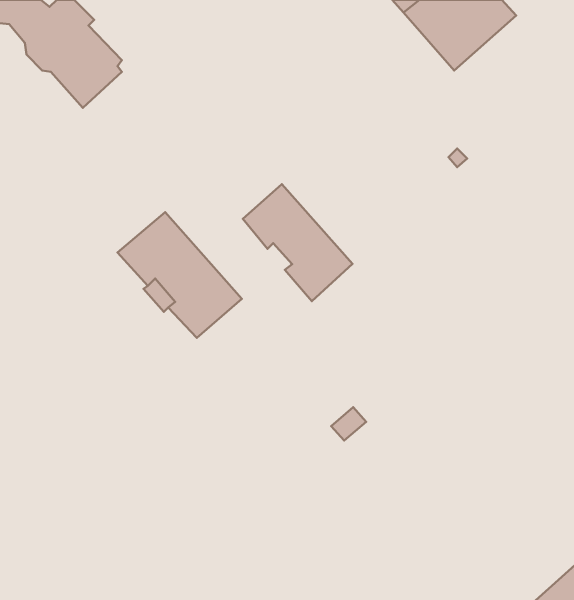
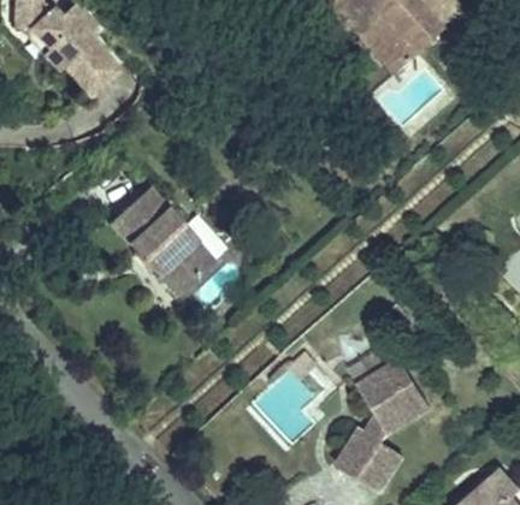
building: [243,184,352,301] -> none
building: none -> [336,362,429,492]

